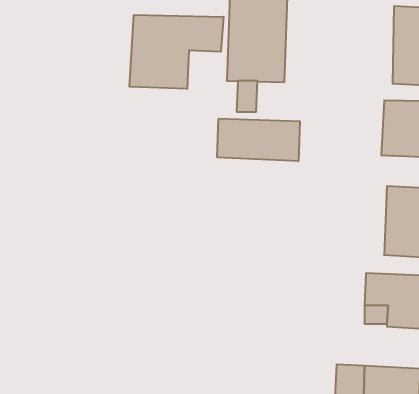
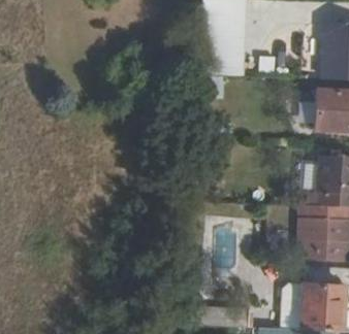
building: [129,15,224,89] -> none
building: [217,119,300,161] -> none

